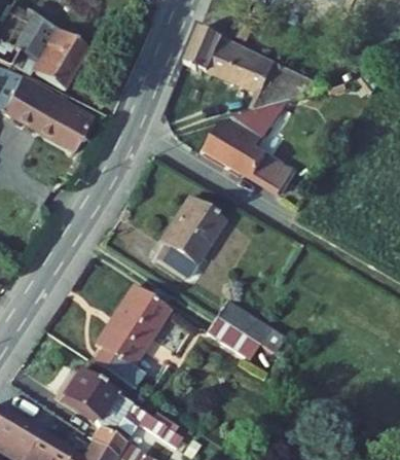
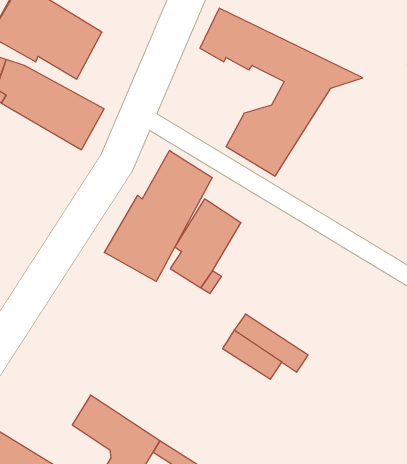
building: none -> [104,150,212,281]
building: [249,155,295,193] -> none
building: [97,285,165,390] -> none

